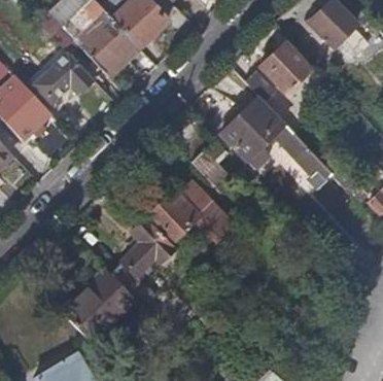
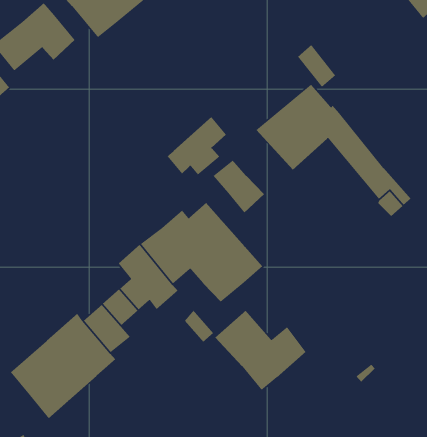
building: [260,42,309,92] -> none
building: none -> [166,116,227,176]
building: none -> [214,310,307,391]

